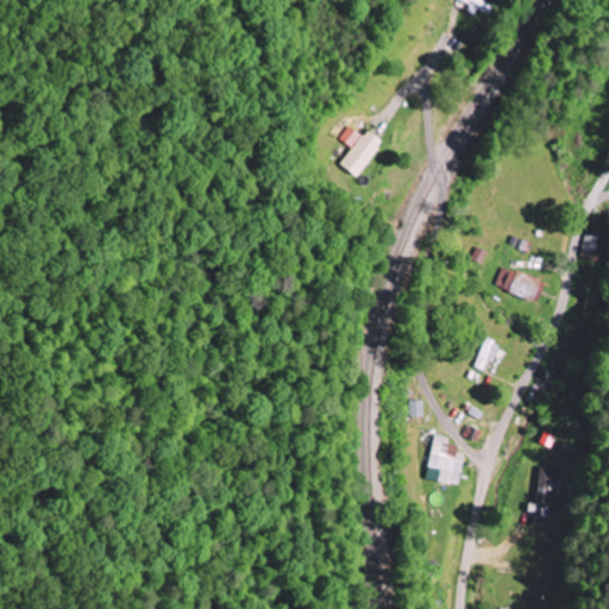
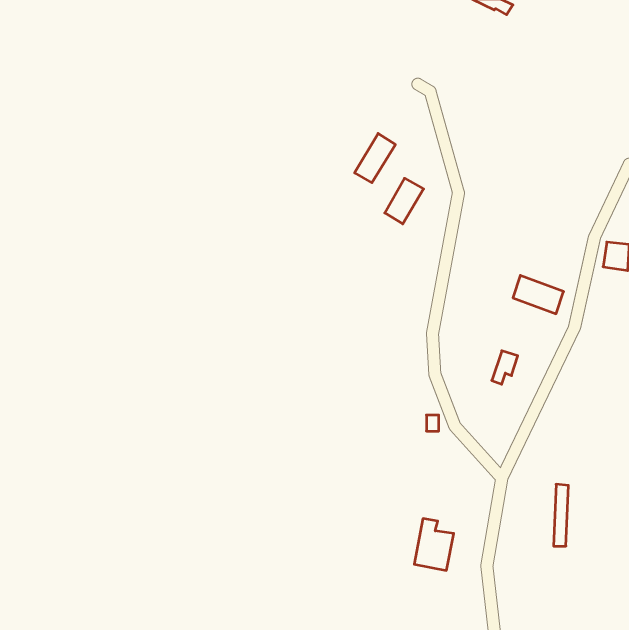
building: none -> [385,178,424,224]
building: [426,434,464,484] -> [414,519,454,570]

